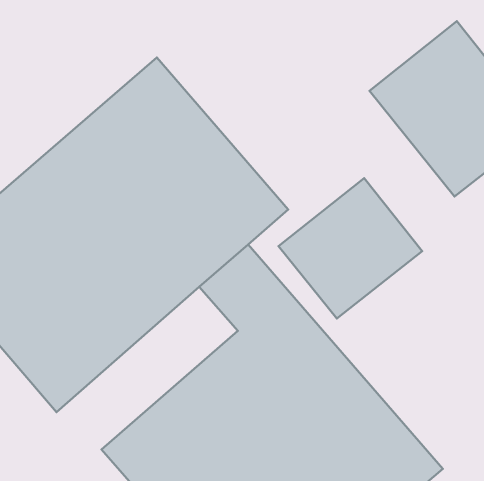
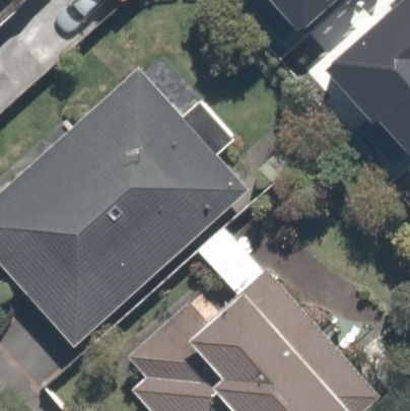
building: [278,178,422,318] -> none

